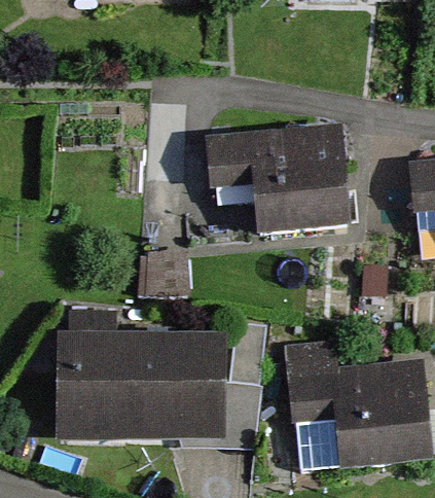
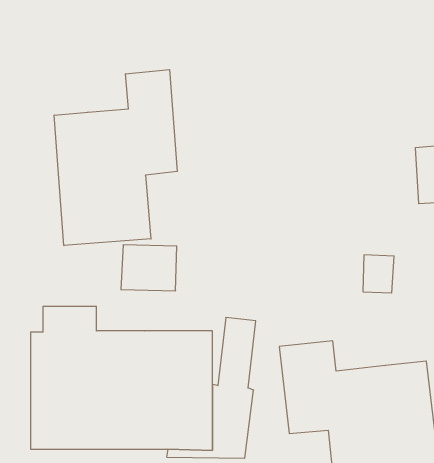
building: none -> [54,70,177,246]
building: [204,126,347,233] -> none

